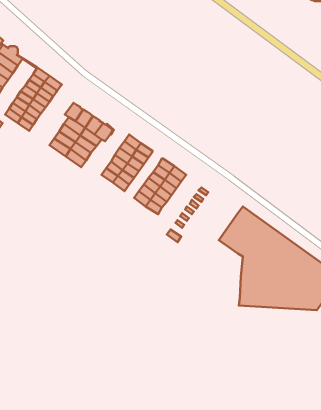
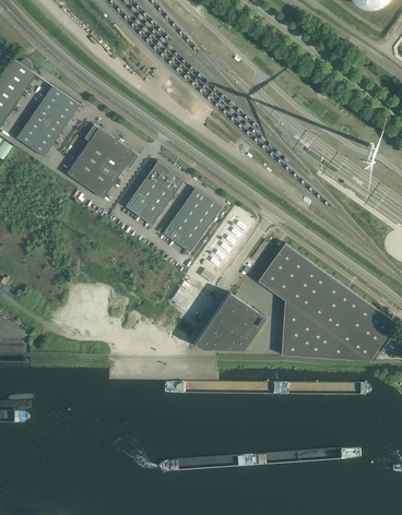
building: none -> [192,292,264,349]

